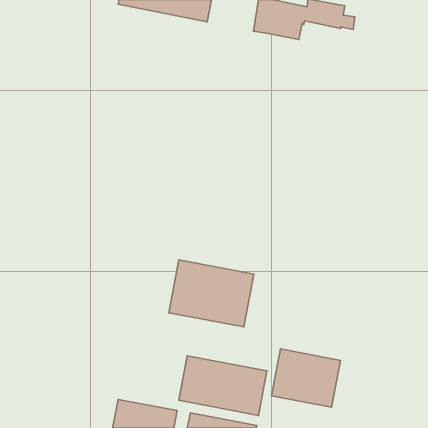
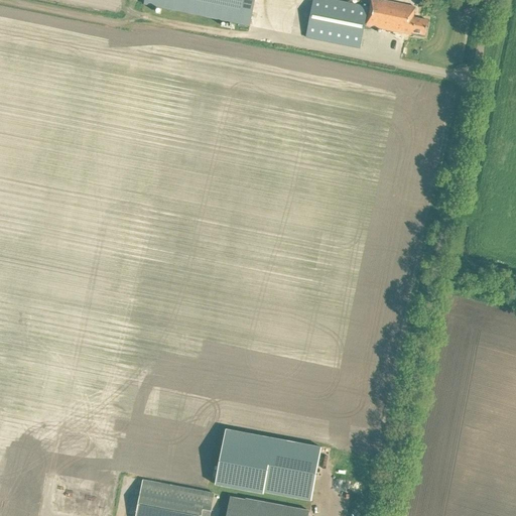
building: [169,260,254,327] -> none
building: [271,349,340,407] -> none

